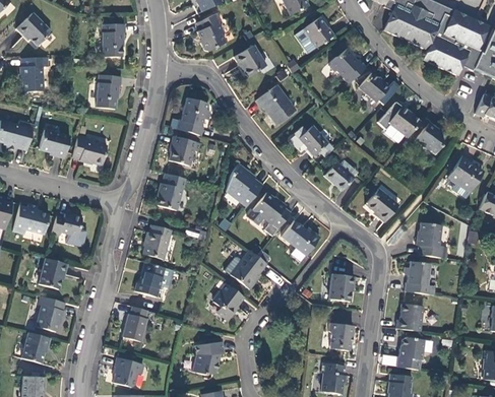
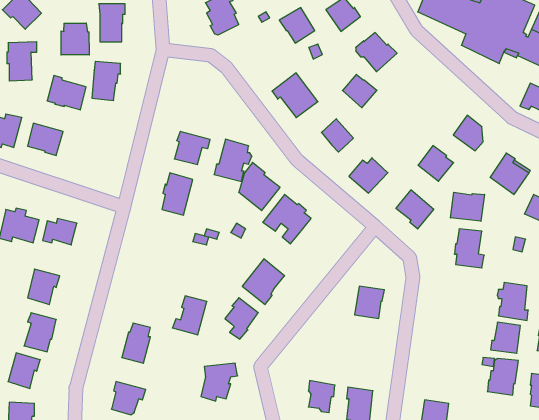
building: none -> [61,23,89,55]
building: [234,45,265,76] -> [279,8,315,43]
building: [359,72,389,102] -> [342,74,377,108]
building: [177,97,210,135] -> [214,139,252,181]
building: [388,106,420,137] -> [418,146,454,181]
building: [72,135,107,166] -> [47,75,86,110]
building: none -> [451,192,484,221]
building: [282,220,319,255] -> none
building: [143,224,171,259] -> none
building: [404,261,431,294] -> [497,283,528,320]
building: [134,262,165,296] -> [172,296,207,335]
building: [396,304,423,331] -> [491,322,520,353]
building: [328,322,352,350] -> [308,381,335,413]
building: [396,337,424,370] -> [487,358,518,395]

